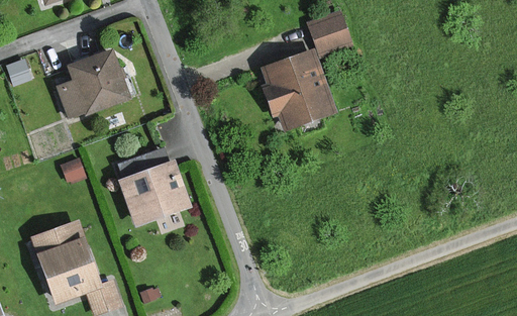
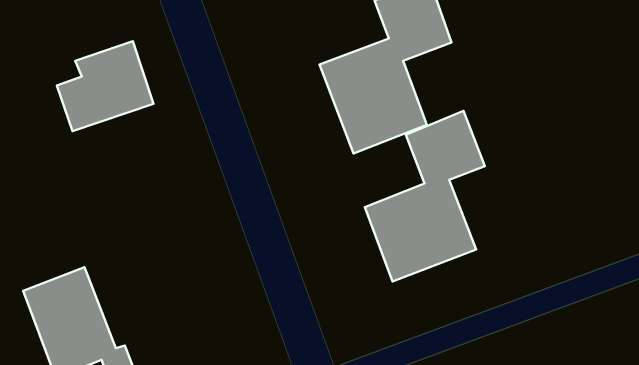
building: none -> [365,111,485,281]
building: [117,161,194,231] -> none

